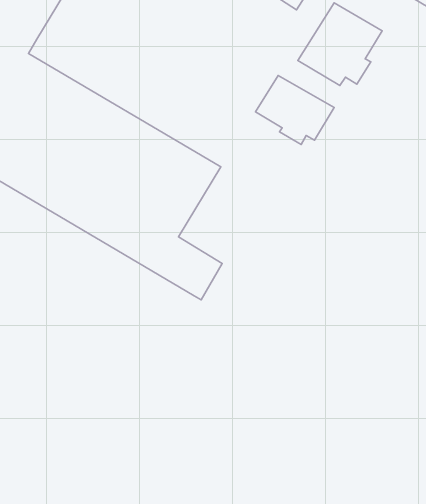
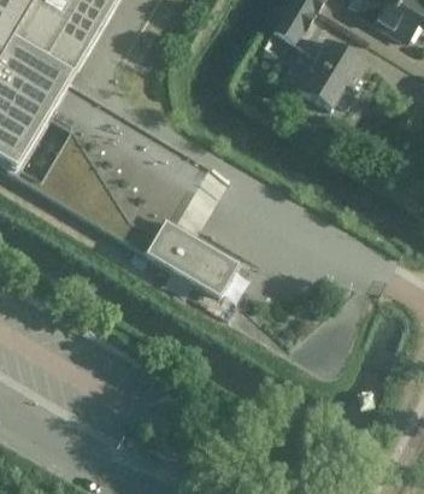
building: [256,75,334,144] -> none

